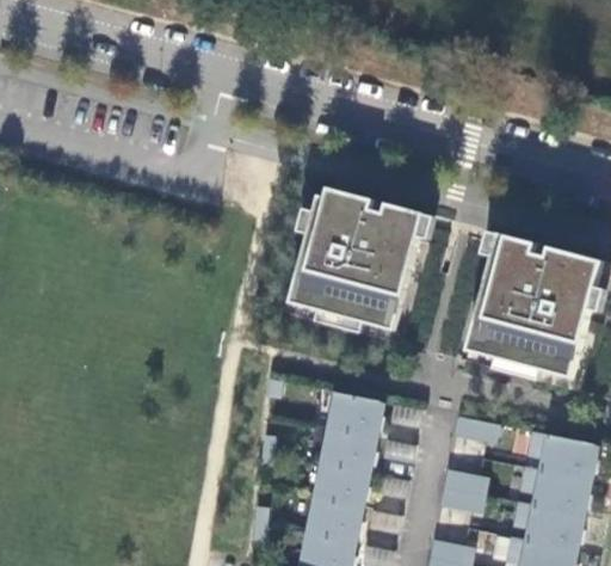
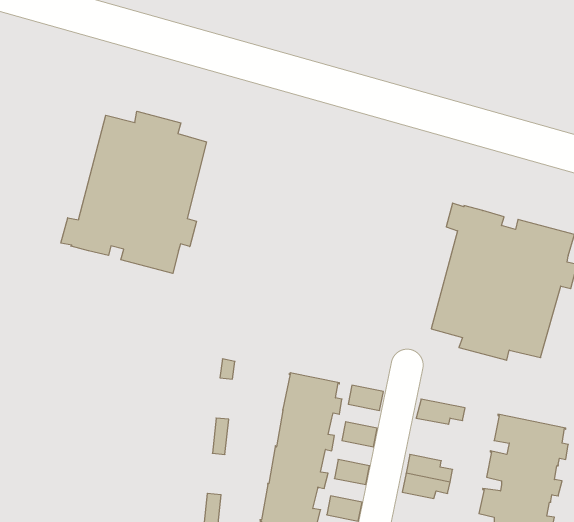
building: none -> [61,111,207,273]
building: [289,187,436,333] -> none

